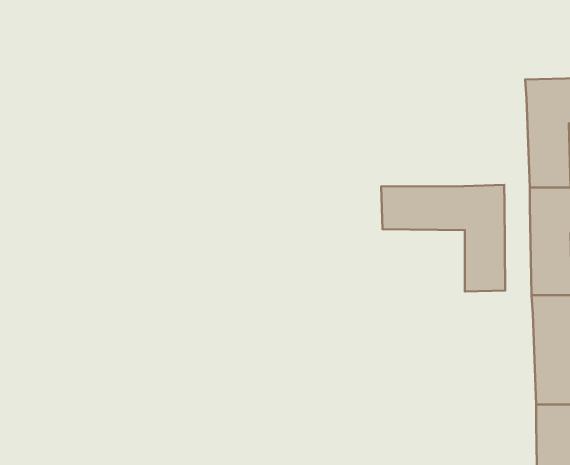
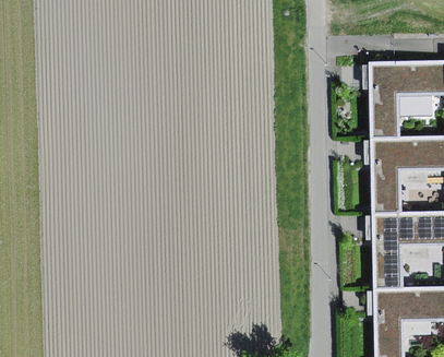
building: [381,185,505,291] -> none

